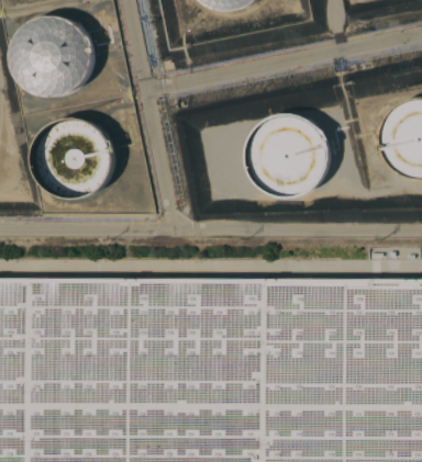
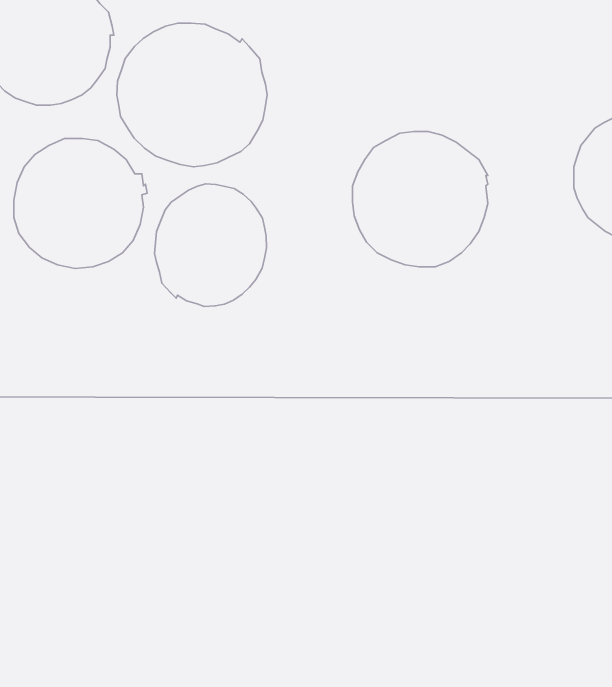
building: none -> [117,23,267,167]
building: none -> [155,184,267,306]

